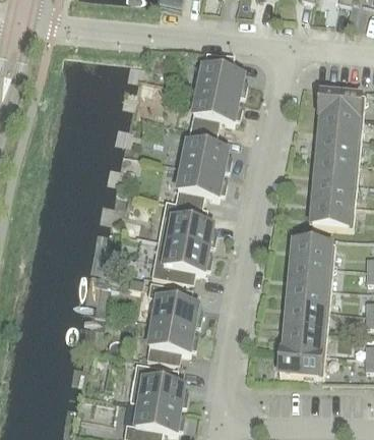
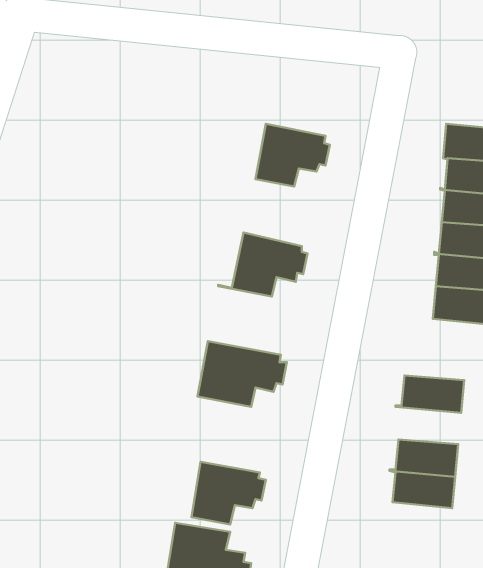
building: [198,52,247,98] -> none
building: [183,127,232,173] -> none
building: [159,201,216,248] -> none
building: [293,238,335,265] -> none
building: [148,281,202,328] -> none
building: [287,283,331,309] -> none
building: [278,347,325,376] -> none

